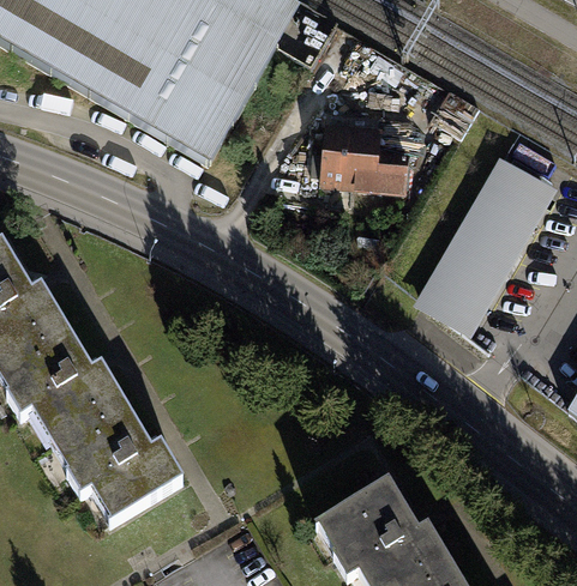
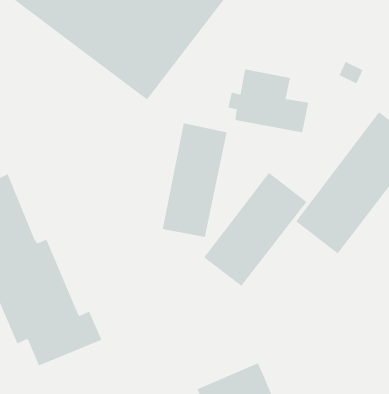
building: none -> [162,123,228,238]
building: none -> [203,172,307,287]

